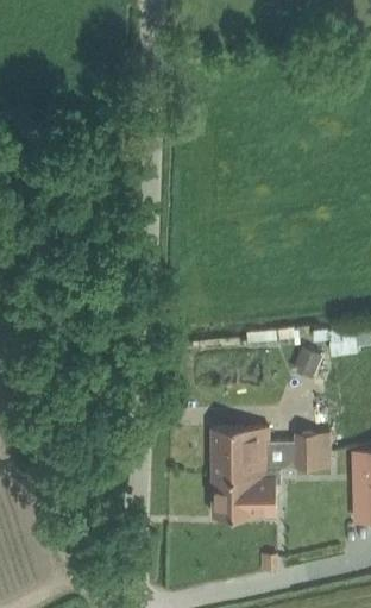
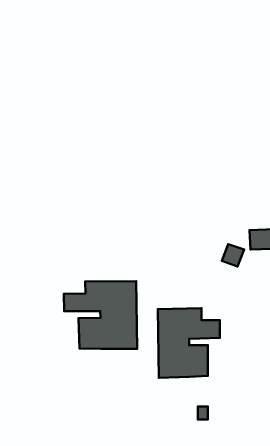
building: none -> [64,281,137,349]
building: [289,432,327,468] -> none

